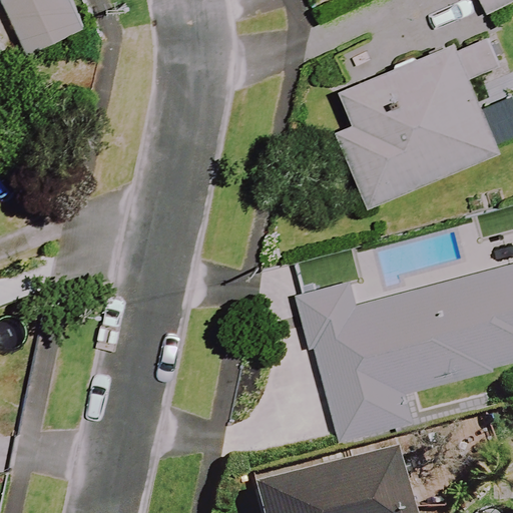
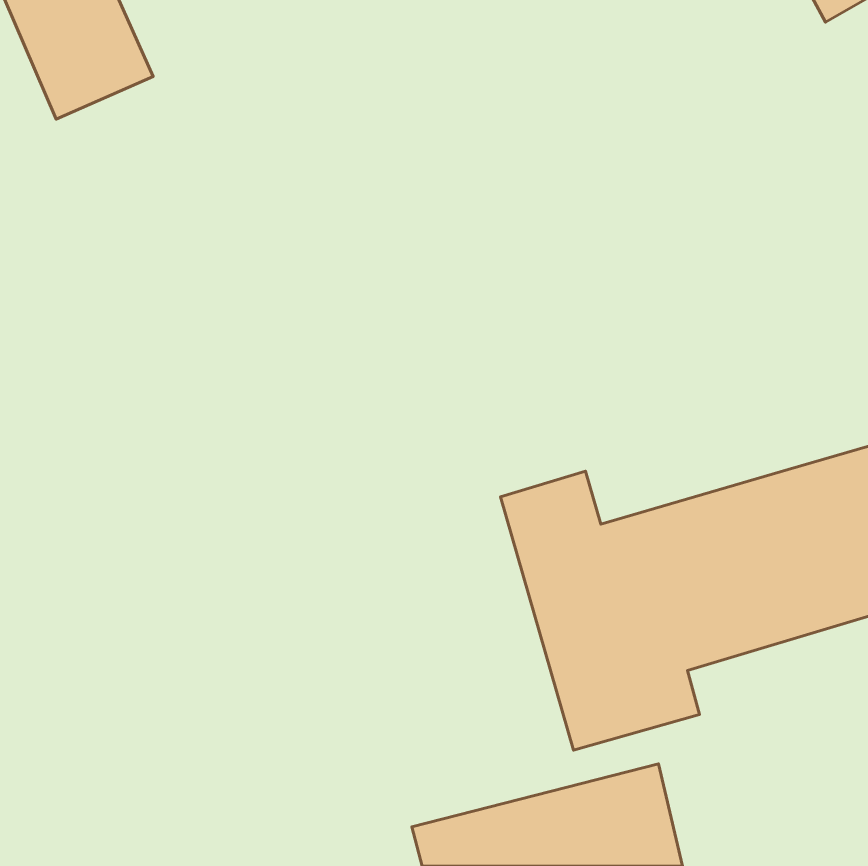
building: [338,33,499,205] -> none

